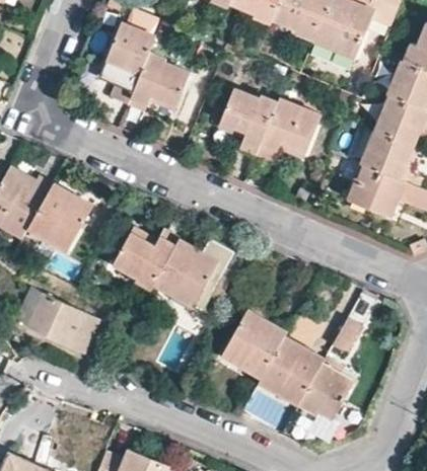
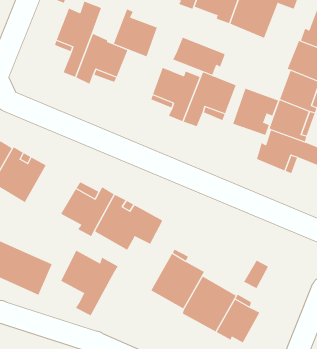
building: none -> [113,9,157,57]
building: none -> [173,37,226,76]
building: none -> [232,88,279,136]
building: none -> [61,250,118,316]

